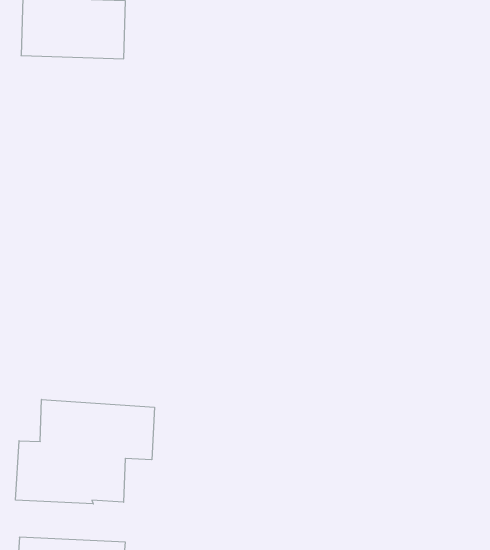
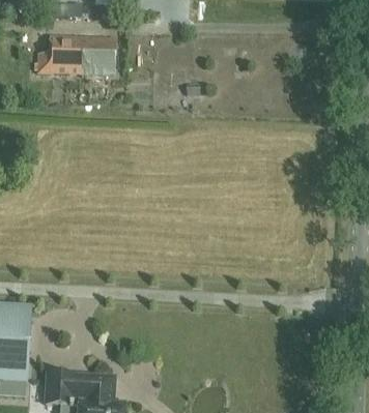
building: [16,399,154,504] -> none

